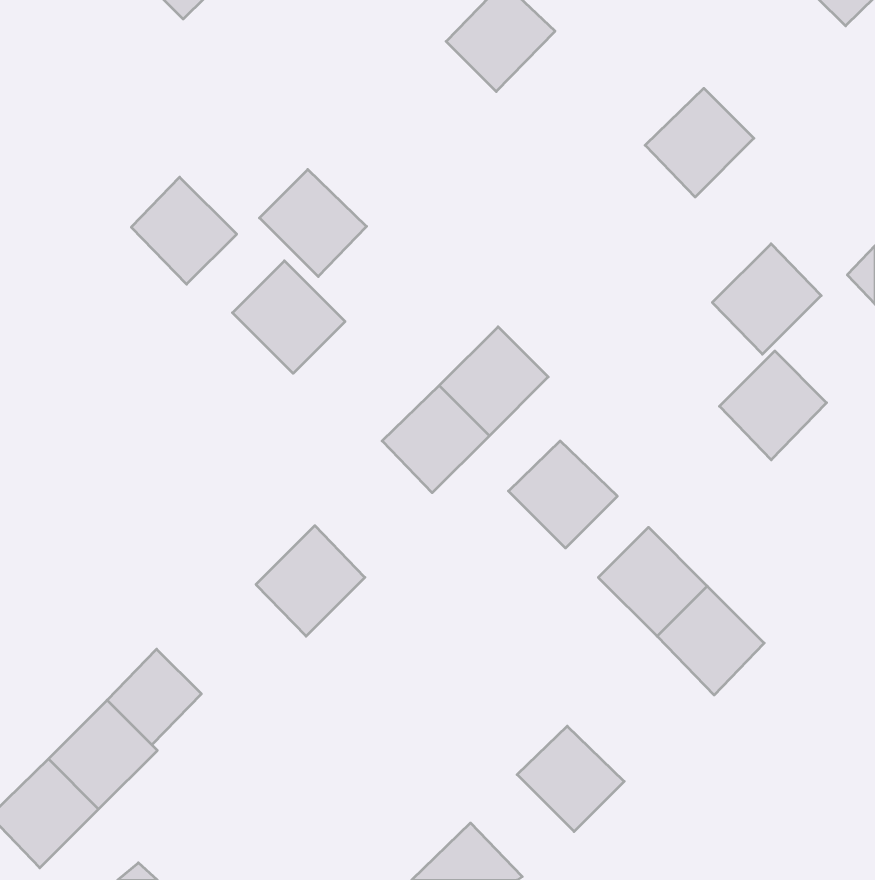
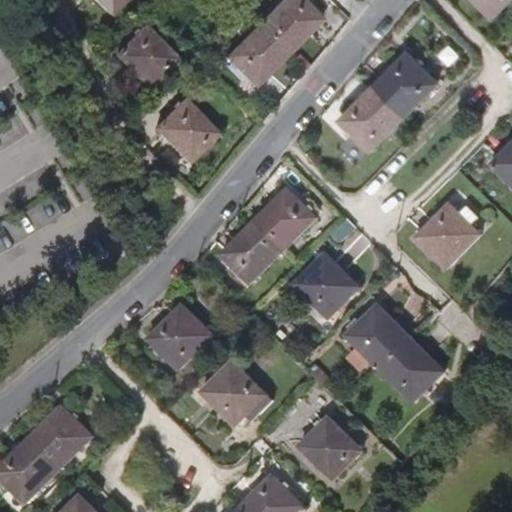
building: none -> [224,24,287,88]
building: [131,177,237,284] -> [113,26,174,88]
building: [712,244,821,354] -> [339,84,402,148]
building: [232,261,345,373] -> none
building: none -> [201,362,270,425]
building: [107,649,201,745] -> none

